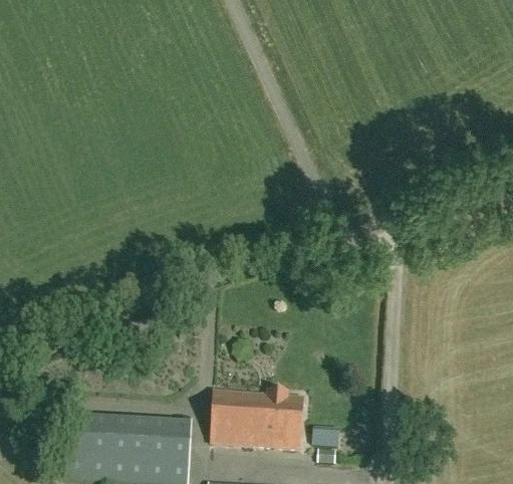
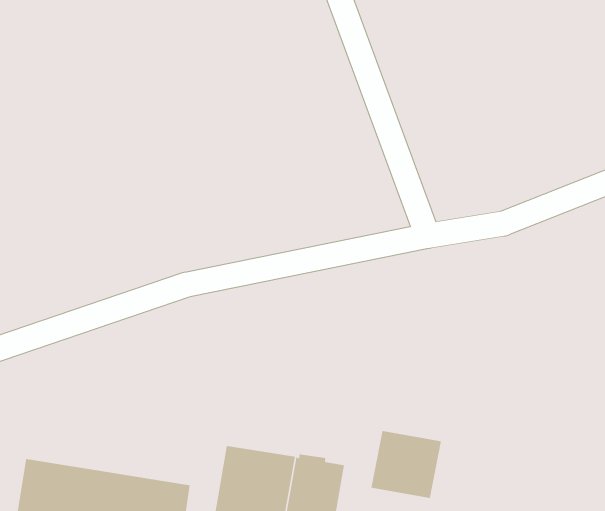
building: none -> [371,430,442,499]

